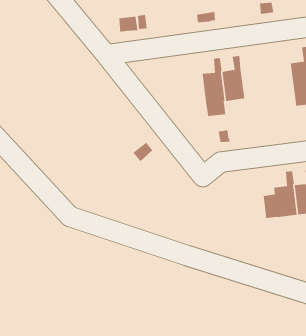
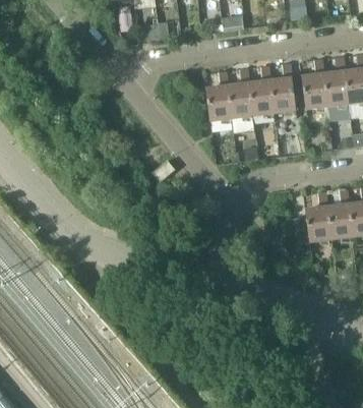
building: none -> [302,58,327,108]
building: none -> [270,62,296,112]
building: none -> [205,70,232,120]

